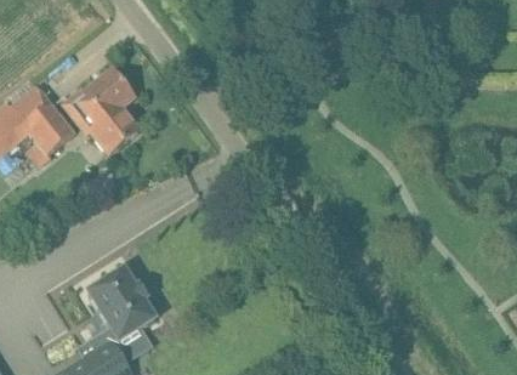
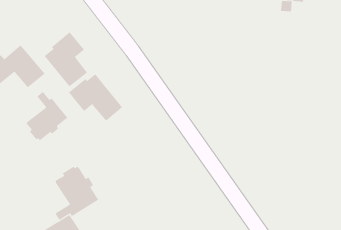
building: none -> [68,74,123,122]
building: none -> [25,91,68,141]

